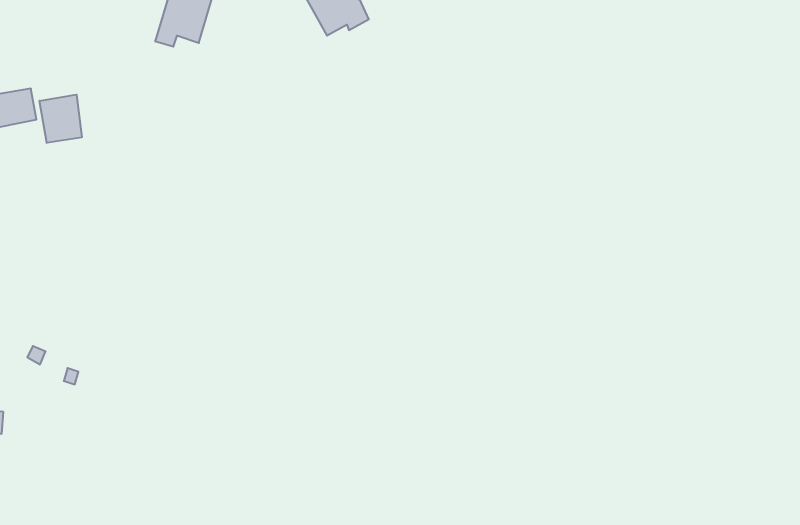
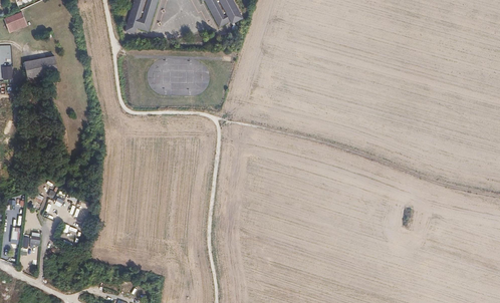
building: [40,95,82,143] -> none

